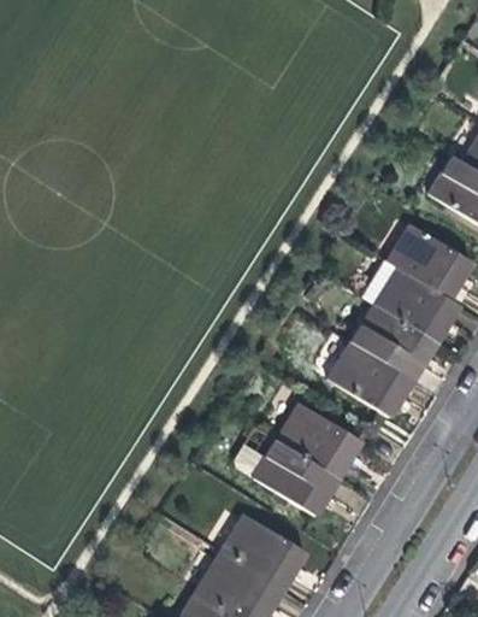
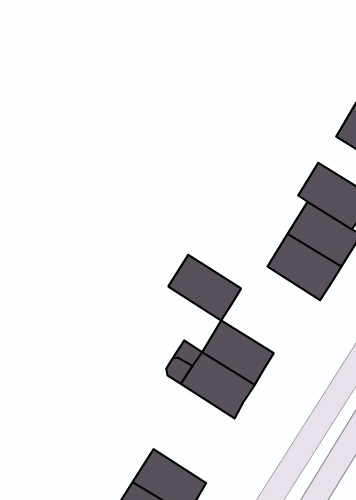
building: [330,342,413,417] -> [168,255,241,320]
building: [223,515,306,589] -> none

